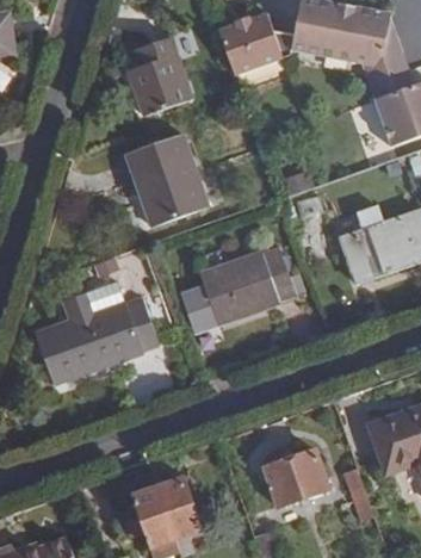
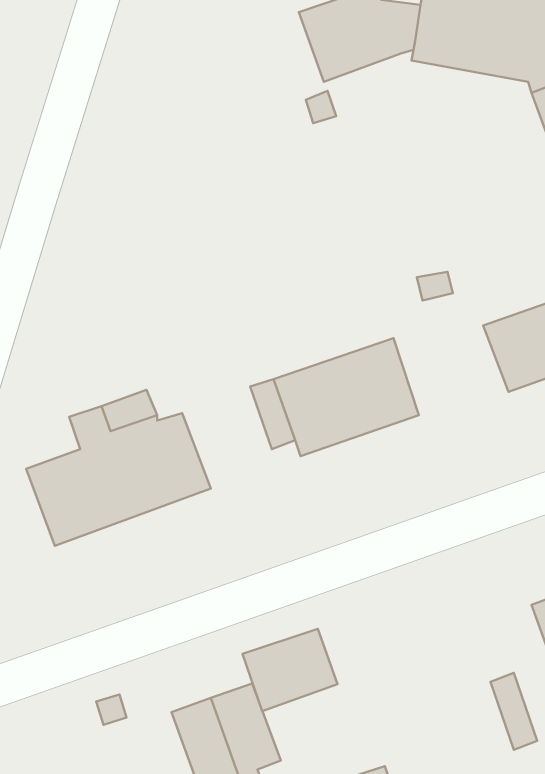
building: [128,37,191,116] -> none
building: [126,135,208,227] -> none
building: [266,450,329,504] -> [243,629,338,711]

